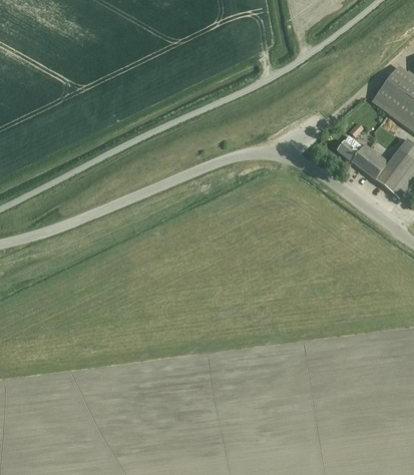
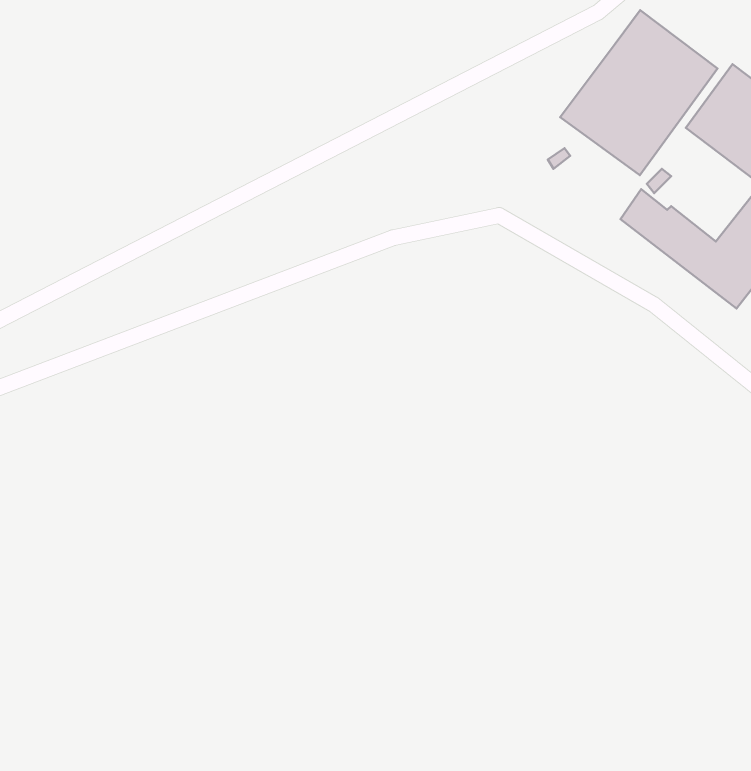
building: none -> [560,10,718,175]

